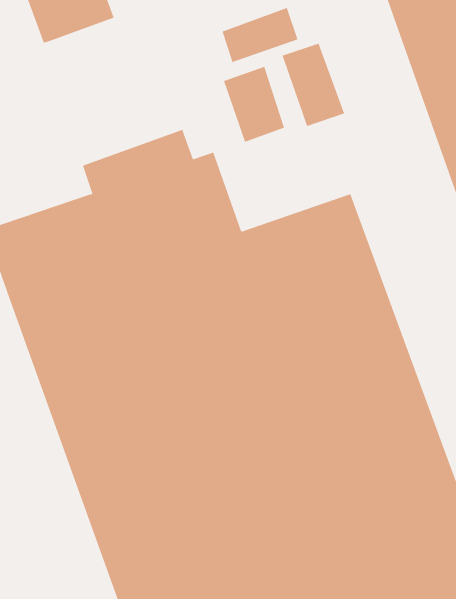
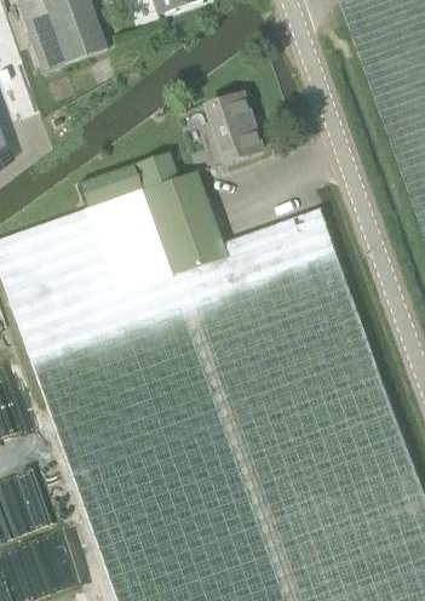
building: [222,7,298,63] -> none
building: [282,43,345,127] -> none

